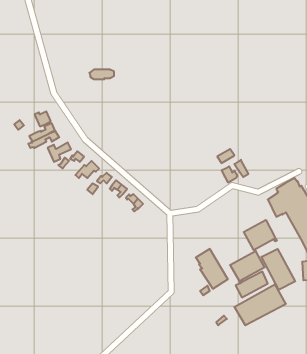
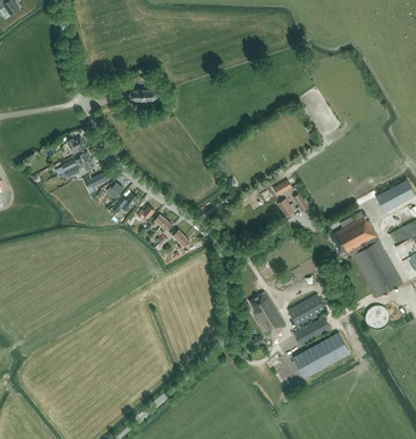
building: [244,220,277,250] -> none
building: [261,249,295,290] -> none

